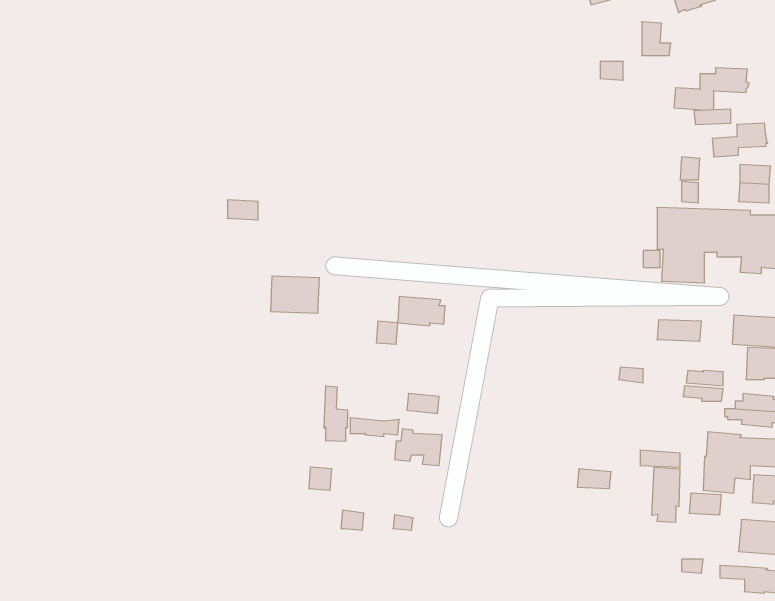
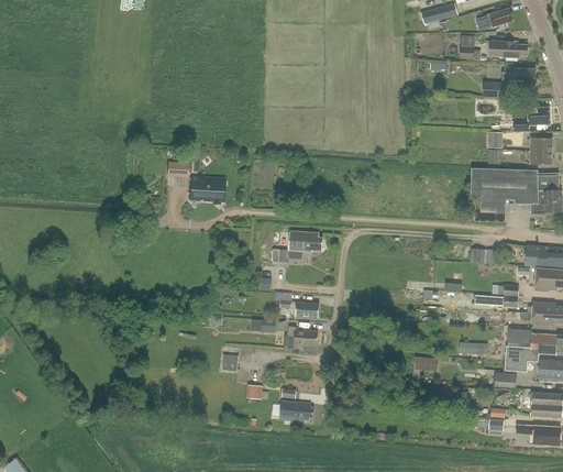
building: none -> [489,40,528,57]
building: [270,276,320,313] -> [189,175,224,201]
building: [324,386,347,441] -> none
building: [652,467,680,522] -> none
building: none -> [276,400,309,420]

